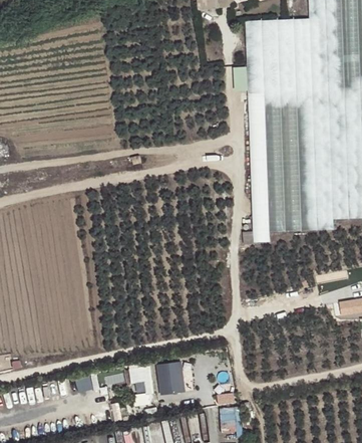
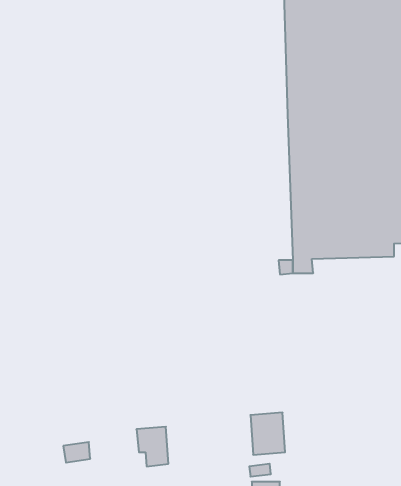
building: [158,360,186,393] -> [250,413,285,455]

